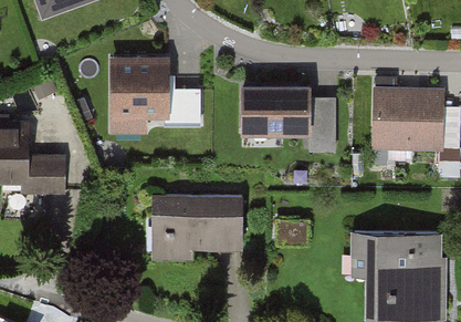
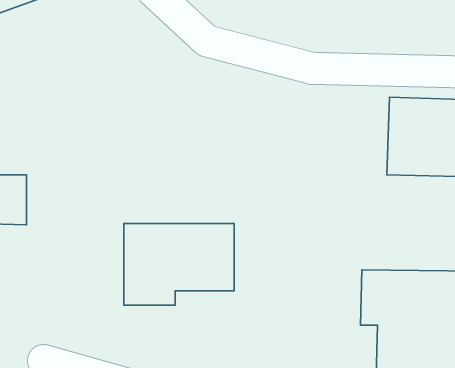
building: [107,56,206,124] -> none
building: [234,85,339,155] -> none

